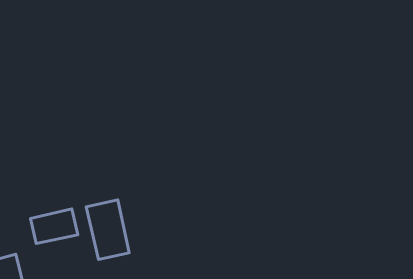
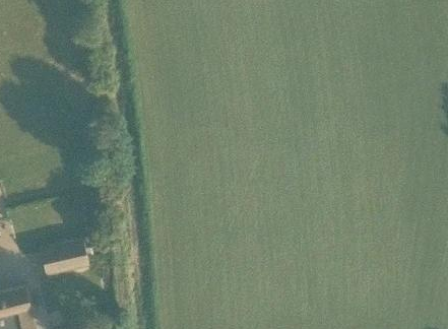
building: [86,200,129,259] -> none

